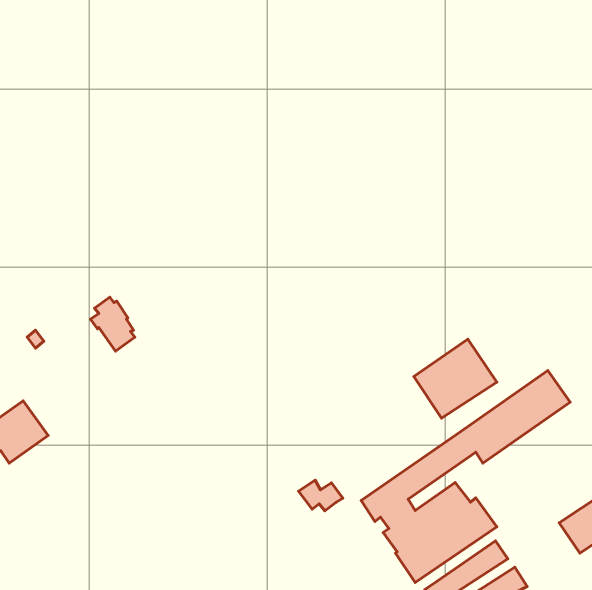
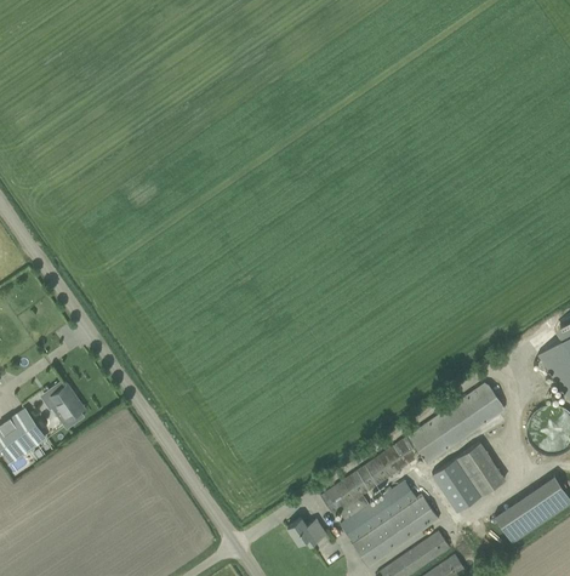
building: [90,297,135,351] -> [45,381,84,428]
building: [414,339,497,418] -> [433,441,506,511]
building: [298,480,343,511] -> [287,518,326,544]

